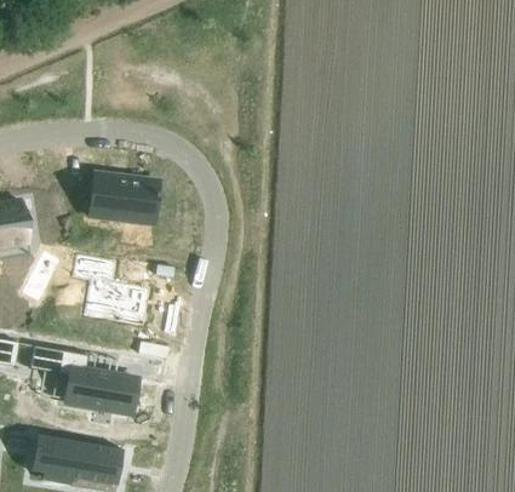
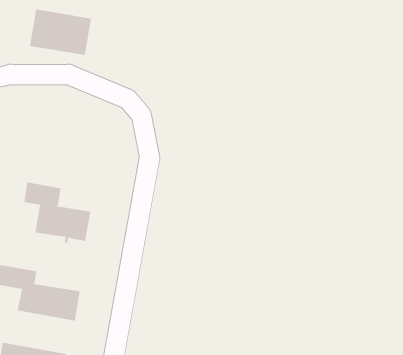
building: [86,176,158,229] -> [29,9,92,56]

